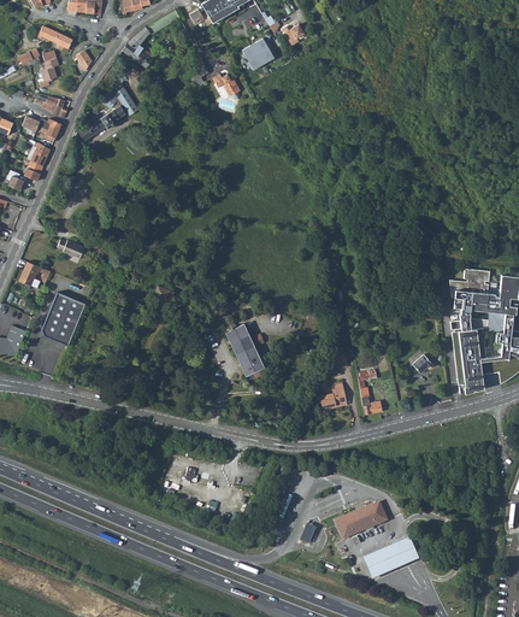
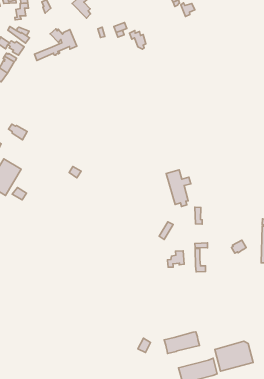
building: [240,35,272,66] -> none
building: [224,325,263,378] -> [166,170,191,206]
building: none -> [215,341,253,371]

